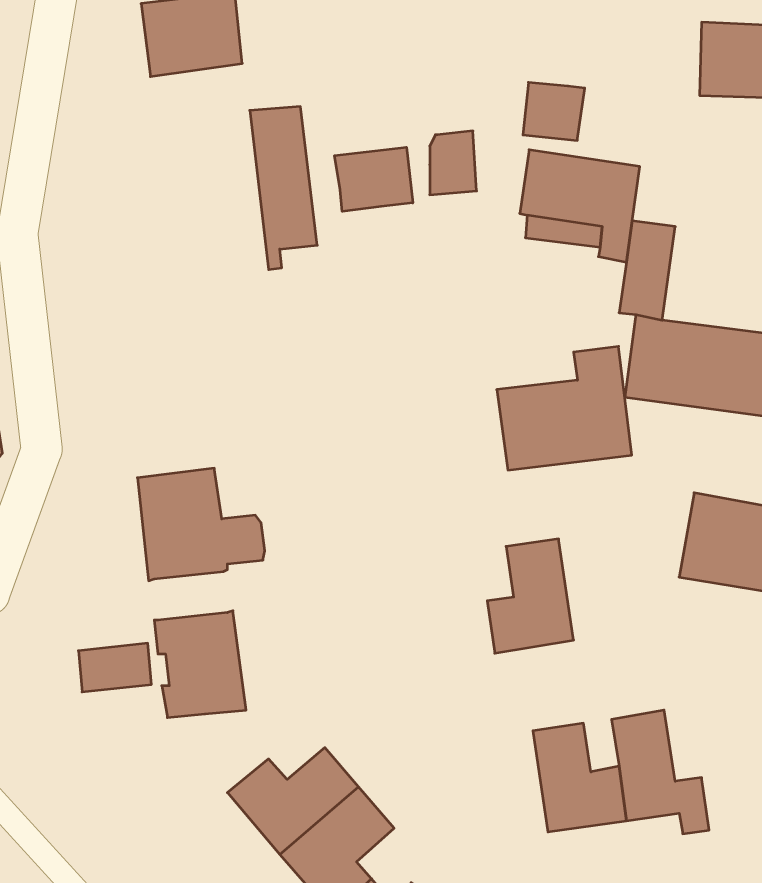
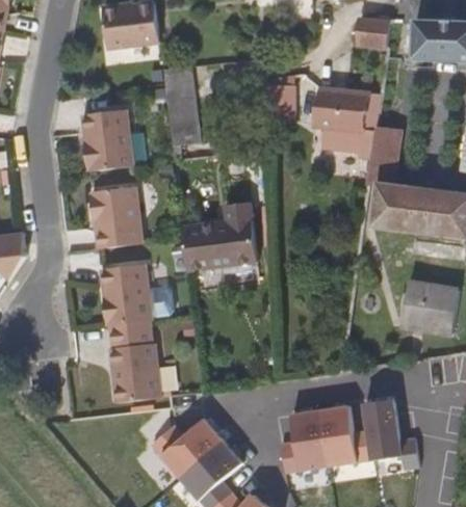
building: [523,82,585,140] -> [357,16,391,48]
building: [335,147,413,211] -> none
building: none -> [81,109,132,172]
building: none -> [90,188,141,250]
building: [497,346,632,470] -> [182,202,257,270]
building: [487,539,574,653] -> [281,411,329,475]
building: [78,643,151,692] -> [110,323,151,350]

